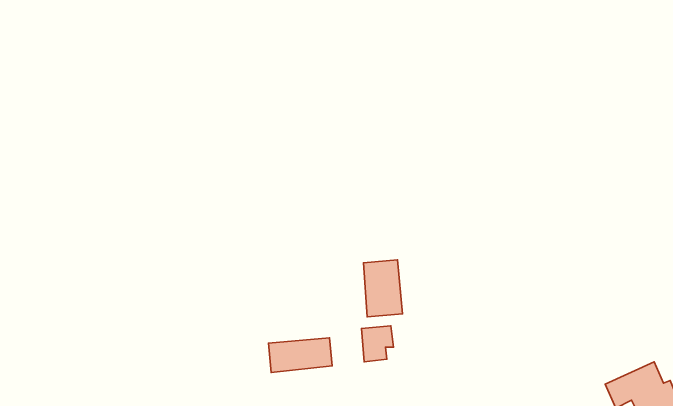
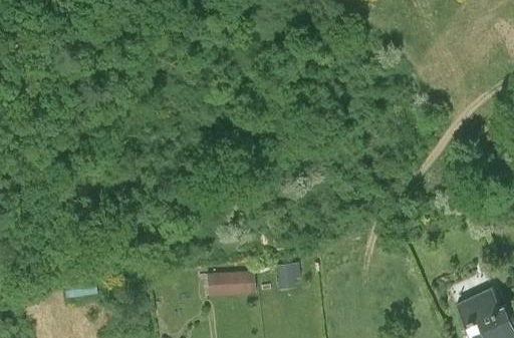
building: [364,260,403,317] -> none

